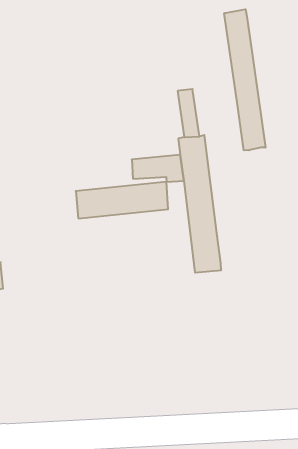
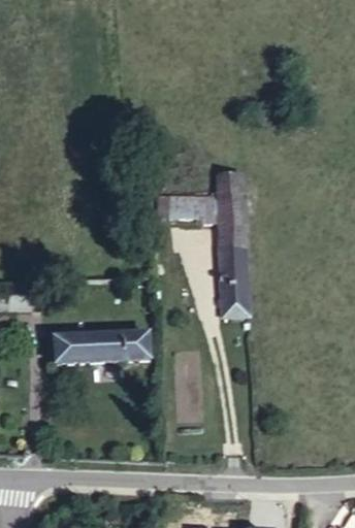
building: [224,9,265,150] -> none
building: [76,182,168,218] -> [60,328,153,360]

